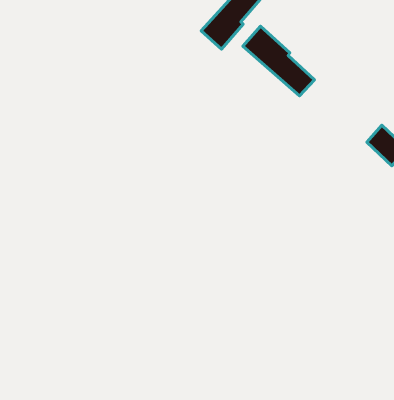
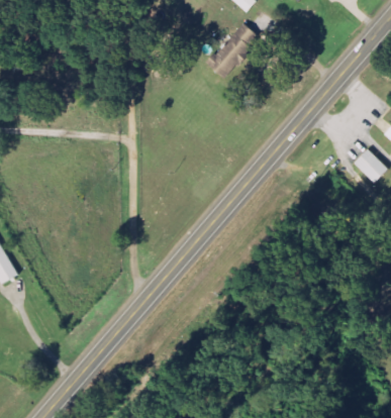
building: [243,26,314,96] -> none

